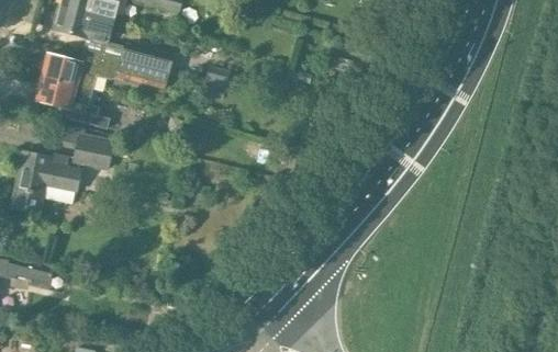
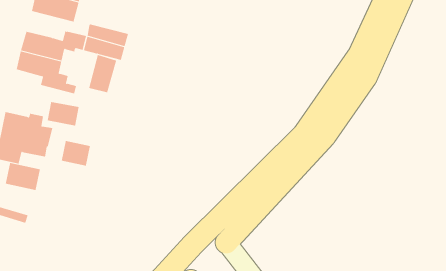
building: none -> [89,54,117,93]
building: none -> [61,140,91,167]
building: none -> [5,162,41,191]

